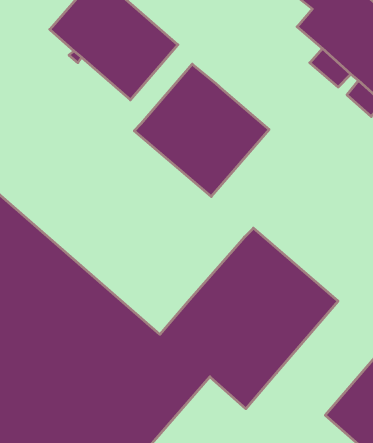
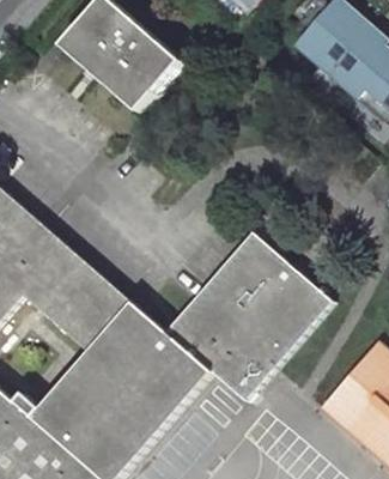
building: [134,64,269,197] -> none

